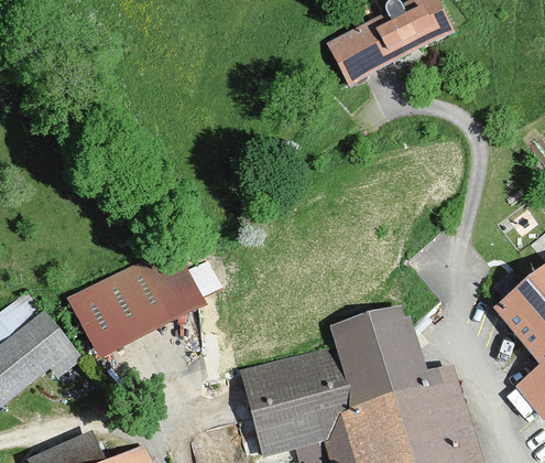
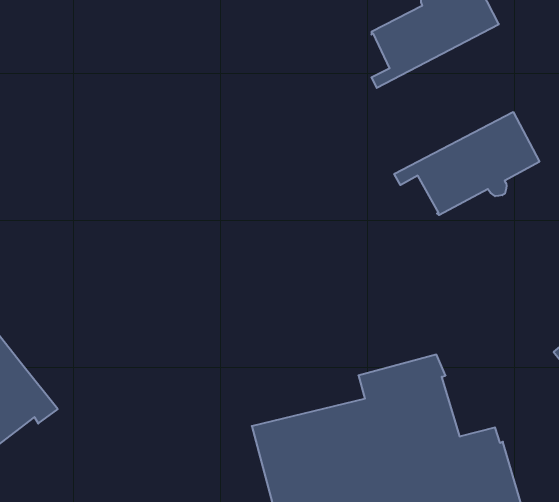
building: none -> [394,112,539,215]
building: [73,249,197,349] -> none

